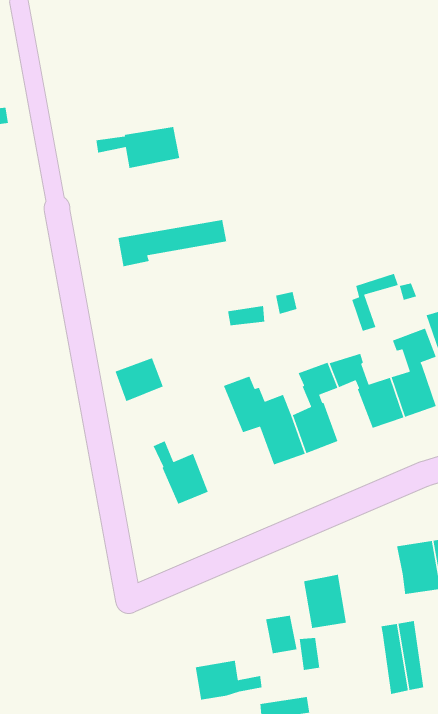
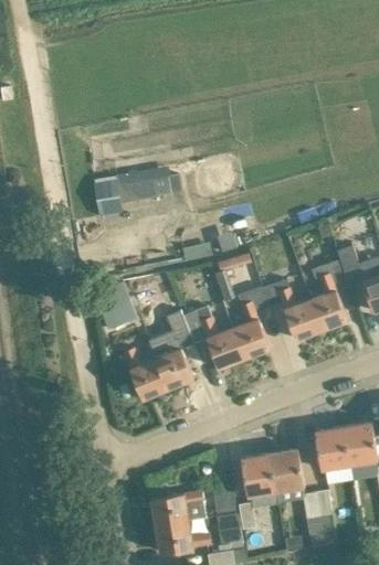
building: [96,126,180,169] -> none
building: [351,273,399,332] -> [213,254,251,300]
building: none -> [154,302,193,390]
building: none -> [269,449,304,492]
building: none -> [151,491,206,526]
building: none -> [214,514,242,545]

